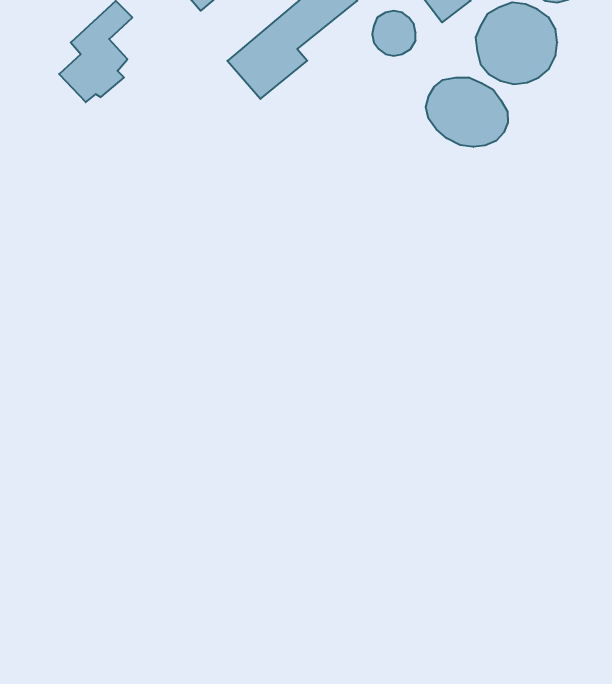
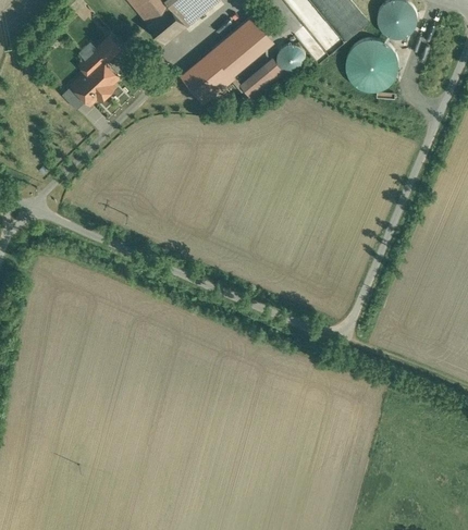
building: none -> [239,63,276,99]
building: [426,77,508,147] -> none

